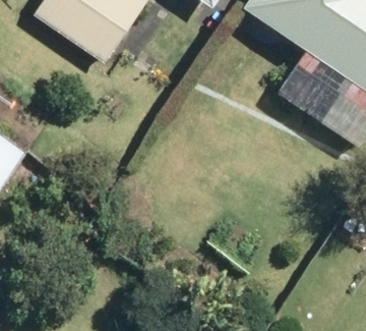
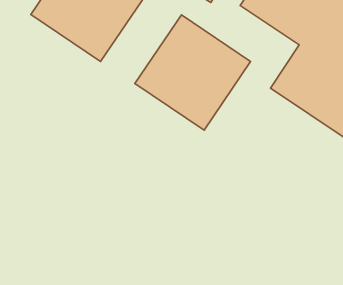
building: none -> [135,15,251,130]

